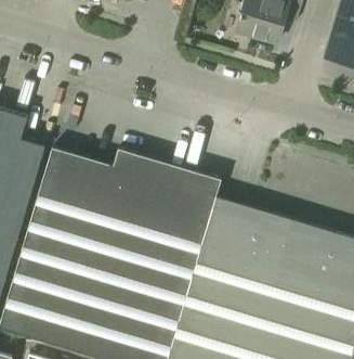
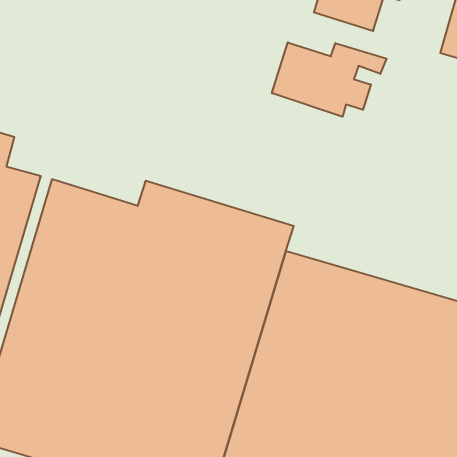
building: none -> [272,42,387,117]

